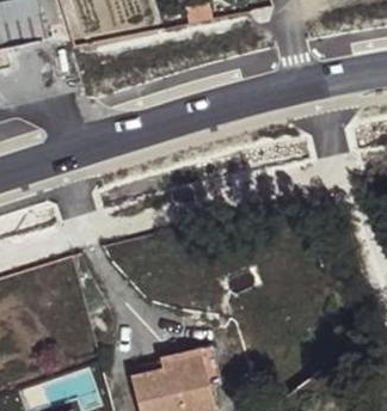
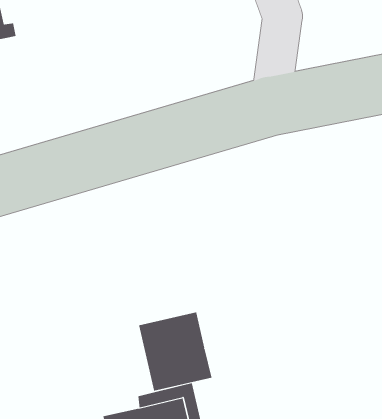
building: none -> [138,311,212,391]

